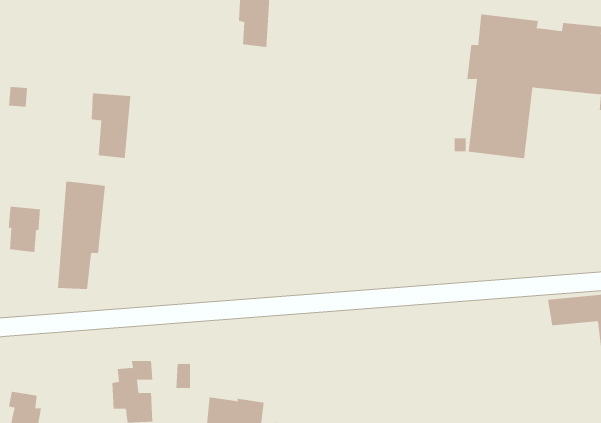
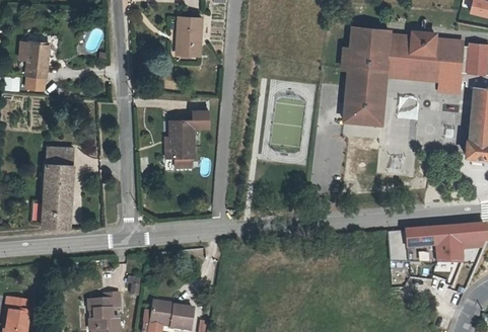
building: [91,93,131,158] -> [19,44,49,91]
building: none -> [161,110,211,158]
building: [8,206,41,253] -> none

